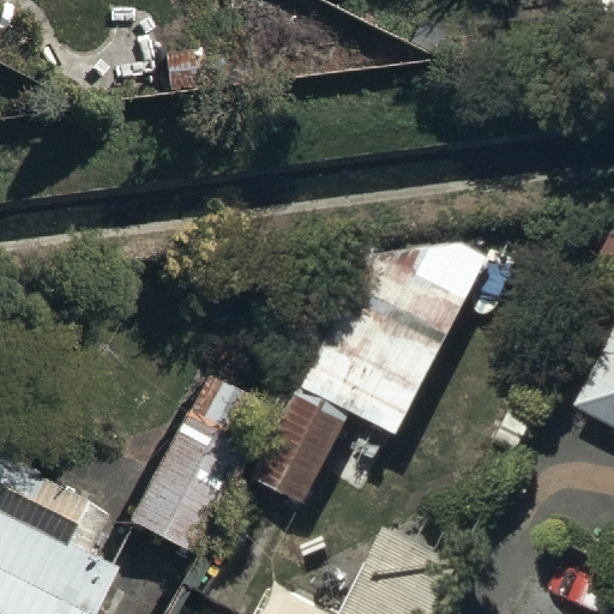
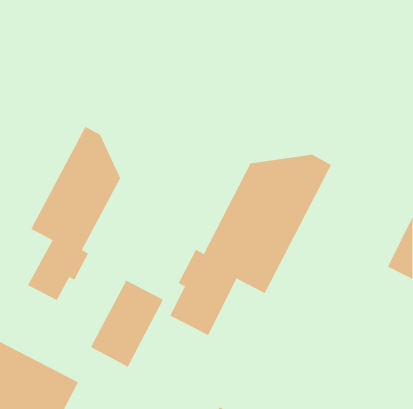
building: none -> [27,126,121,301]

